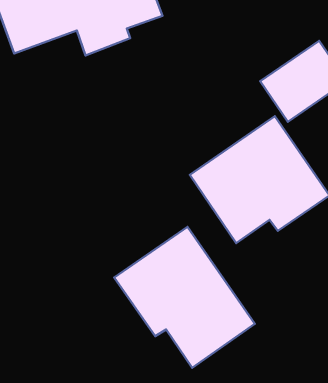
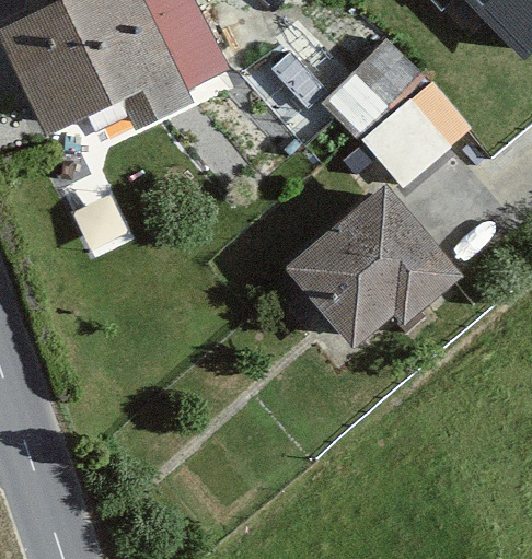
building: none -> [320,38,421,140]
building: [114,227,255,368] -> none

